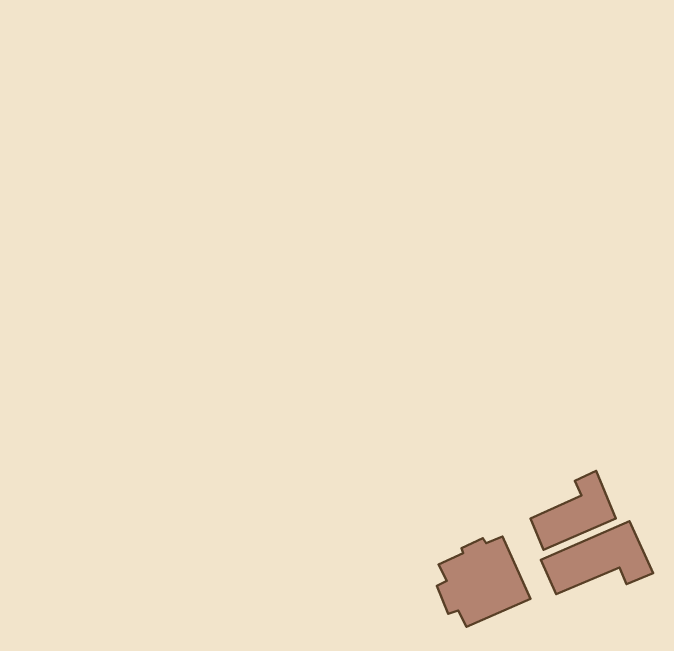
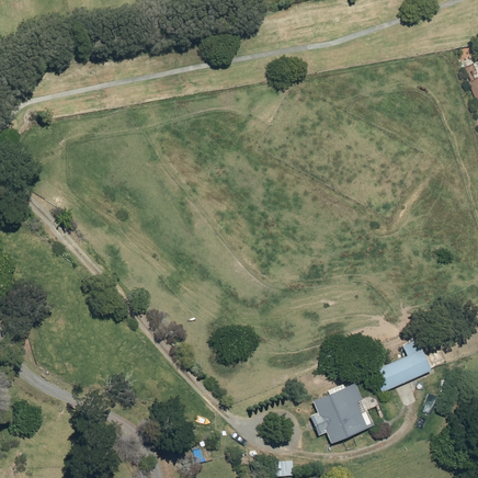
building: [541,521,653,594] -> none

